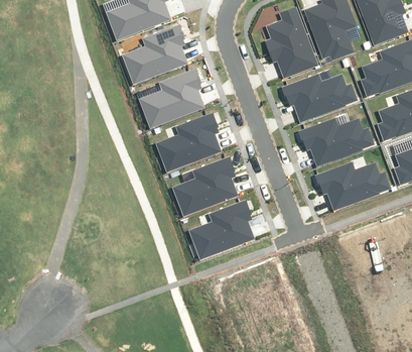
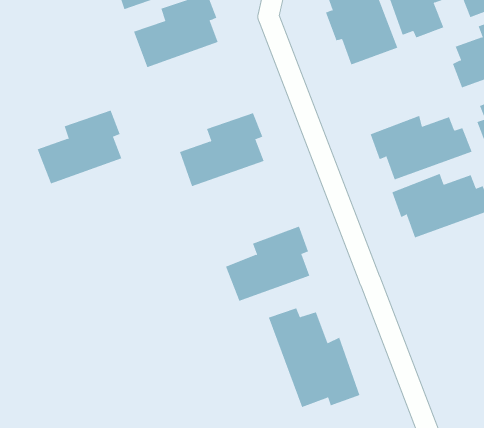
building: [139,71,202,126] -> [37,110,122,184]
building: [282,73,359,121] -> none
building: [175,157,239,214] -> none
building: none -> [268,307,360,408]

